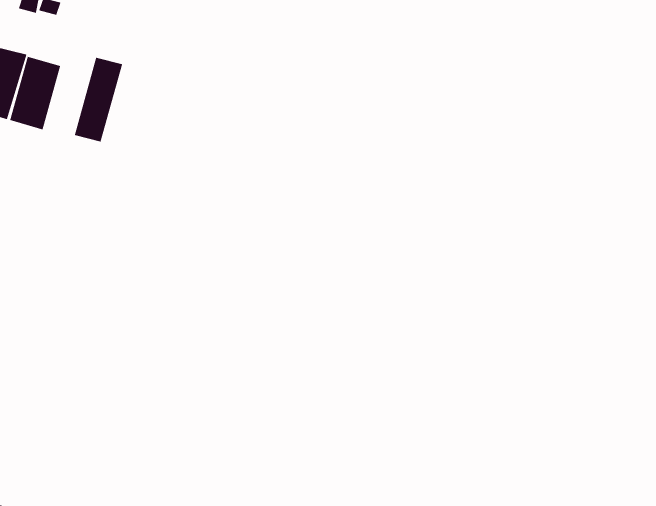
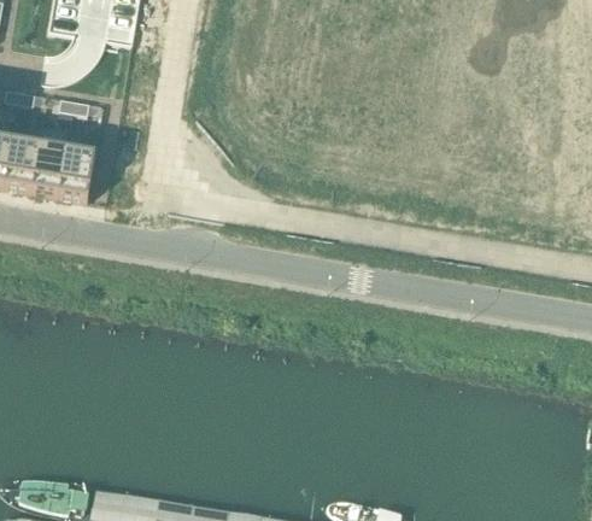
building: [74,57,123,142] -> none

